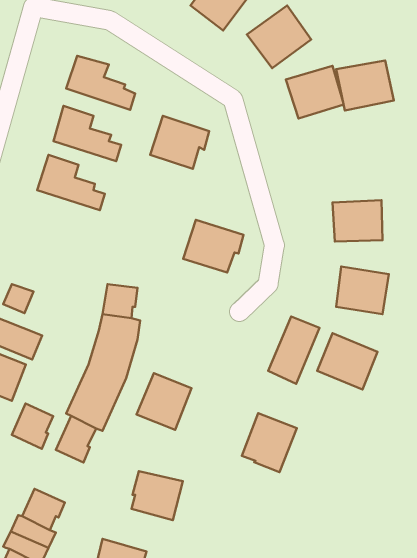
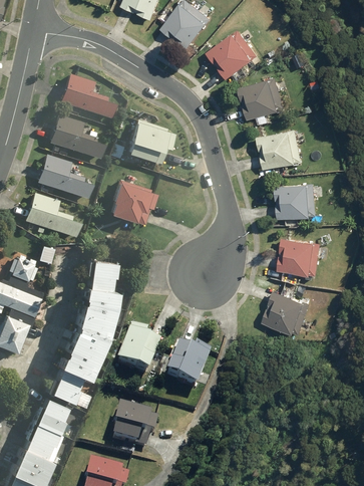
building: [336,60,394,111] -> [256,135,302,175]
building: none -> [27,193,81,237]
building: [183,220,243,272] -> [111,184,159,226]
building: [268,316,320,384] -> none
building: [12,404,53,449] -> [37,396,70,432]
building: [242,413,297,472] -> [167,341,212,389]

